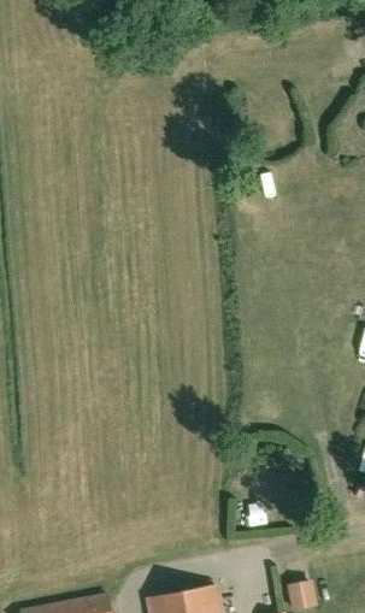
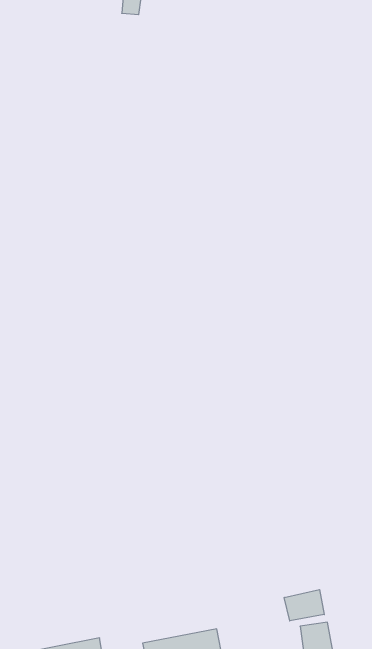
building: none -> [284,590,324,621]

